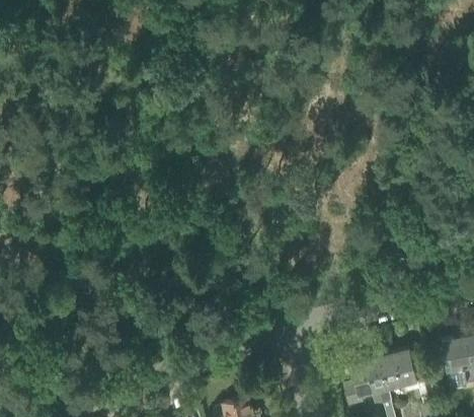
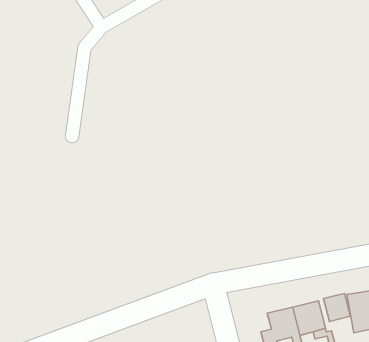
building: none -> [324,294,350,322]

